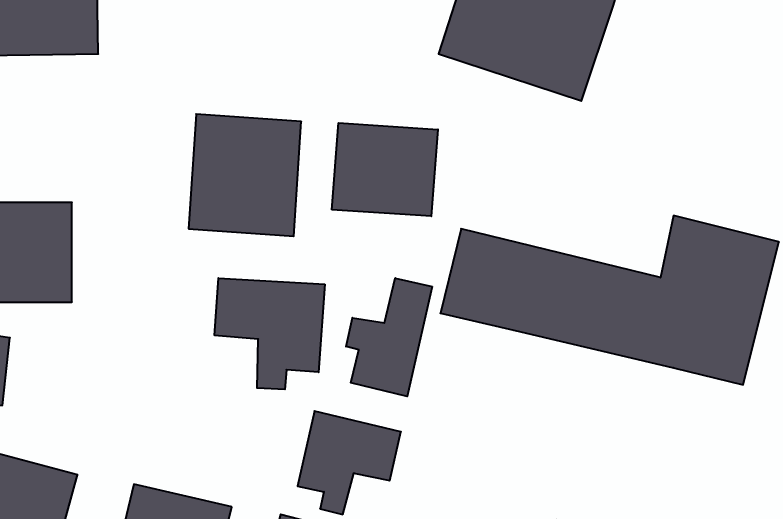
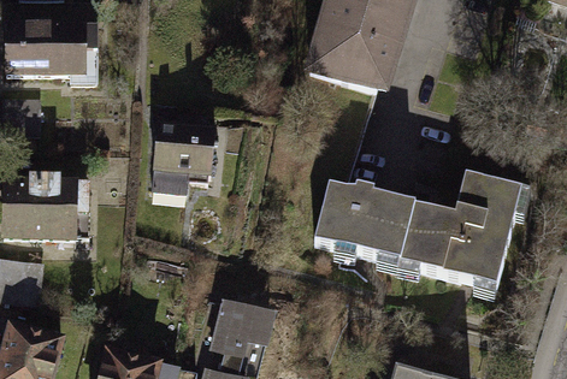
building: [332,123,438,216] -> none
building: [215,278,325,389] -> none
building: [346,278,432,396] -> none

